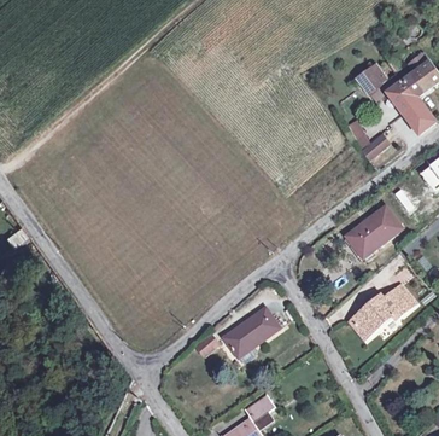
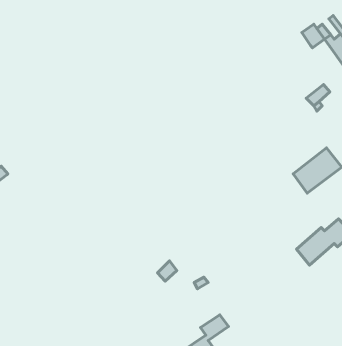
building: [223,308,279,355] -> none

